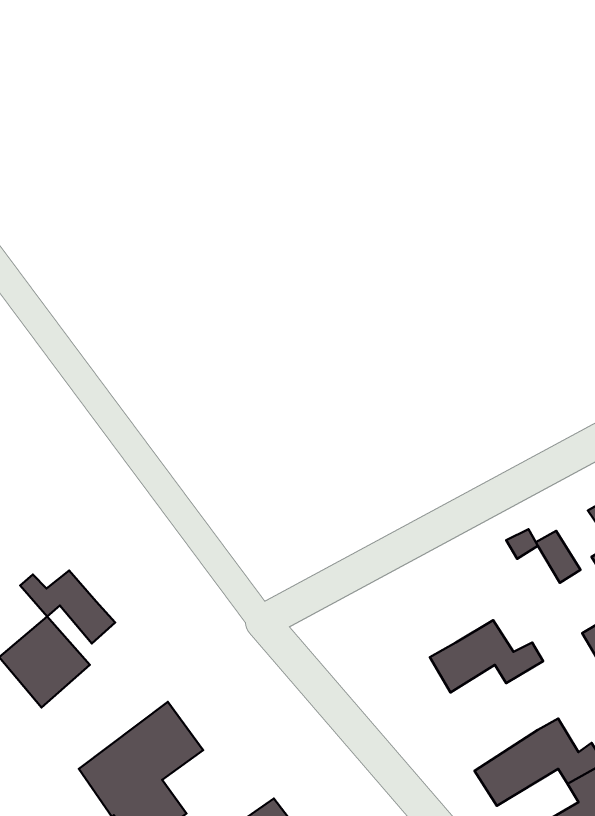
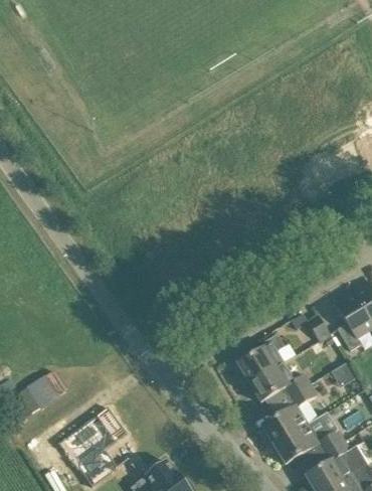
building: none -> [237,335,285,384]
building: [20,571,115,643] -> none
building: none -> [261,386,318,446]

